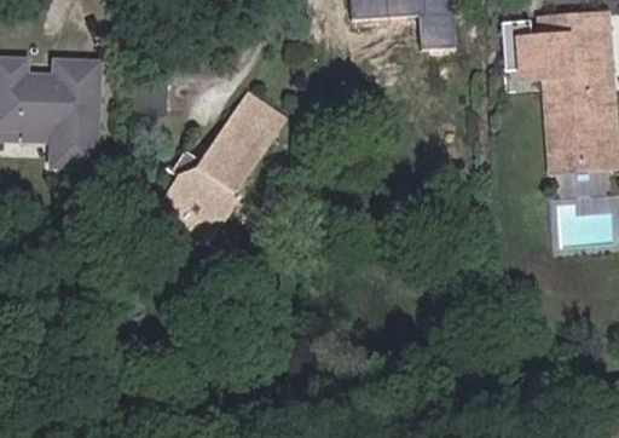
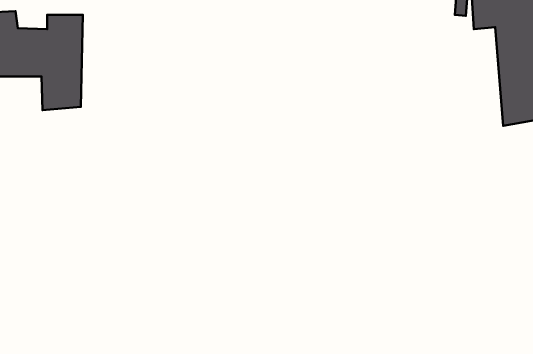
building: [152,88,290,241] -> none

